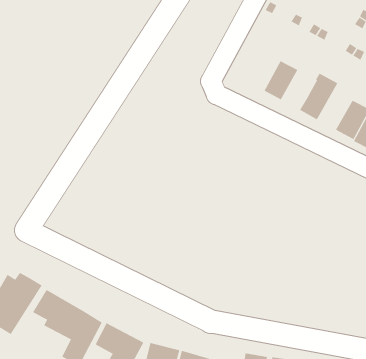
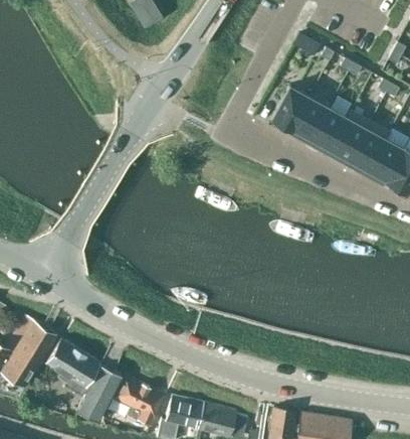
building: none -> [272,87,311,131]
building: none -> [312,108,349,150]
building: none -> [350,122,391,171]

